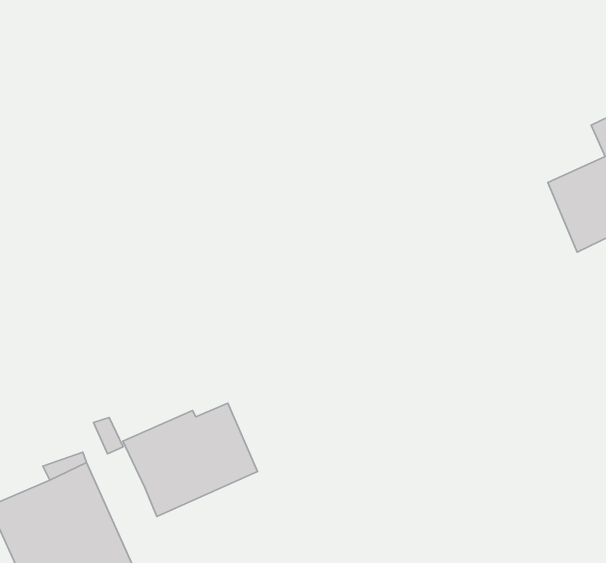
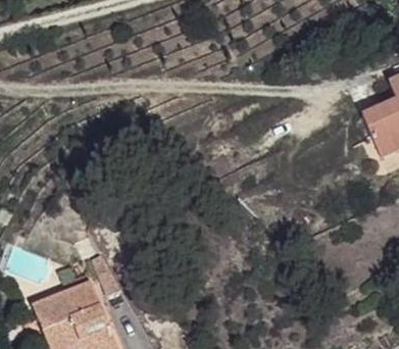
building: [123,403,258,517] -> none

